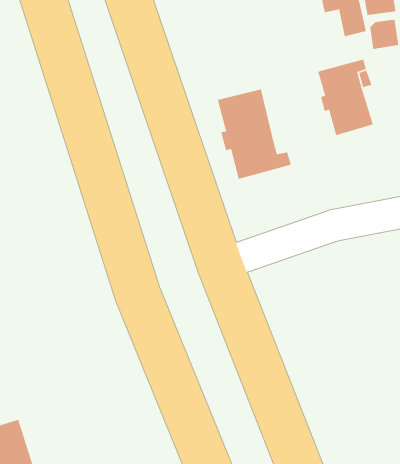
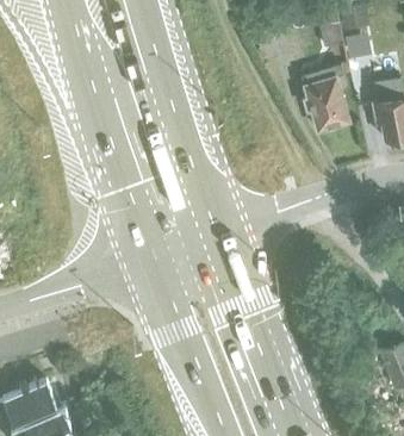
building: [217,89,292,180] -> none

